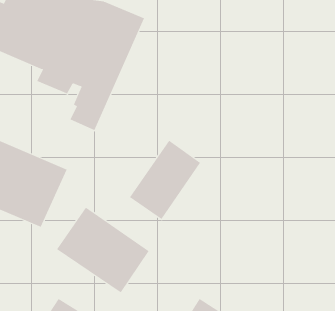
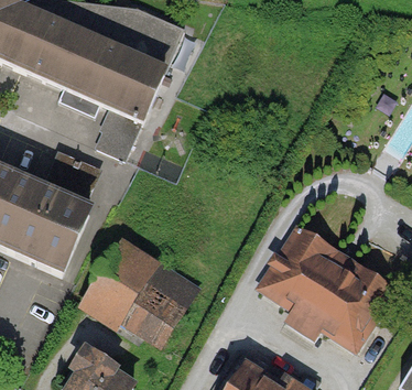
building: [129,140,201,220] -> none
building: none -> [263,234,392,353]

